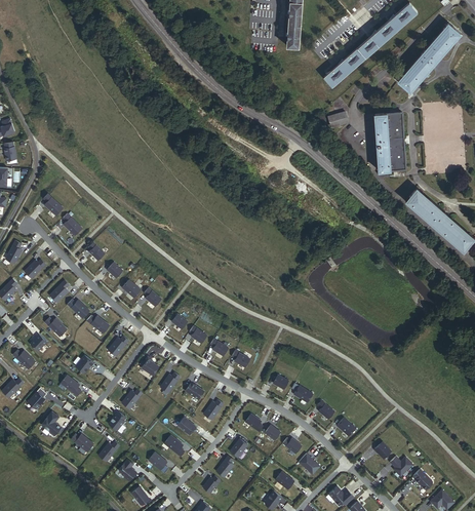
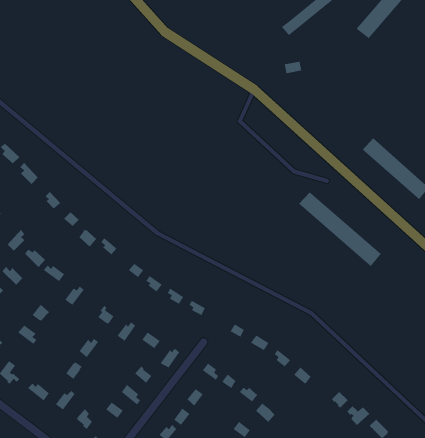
building: [373,113,405,171] -> none
building: none -> [298,192,382,267]

